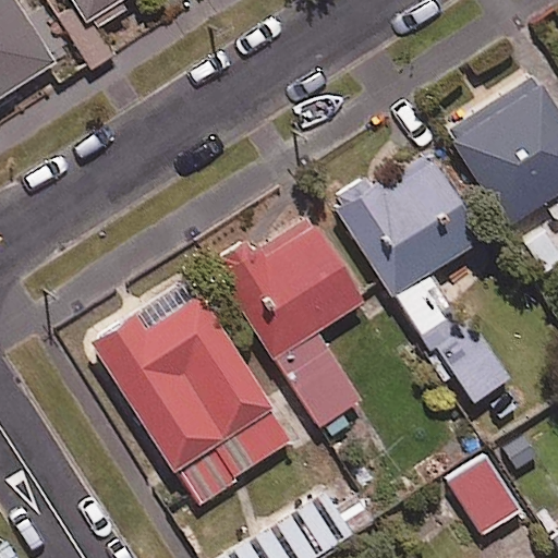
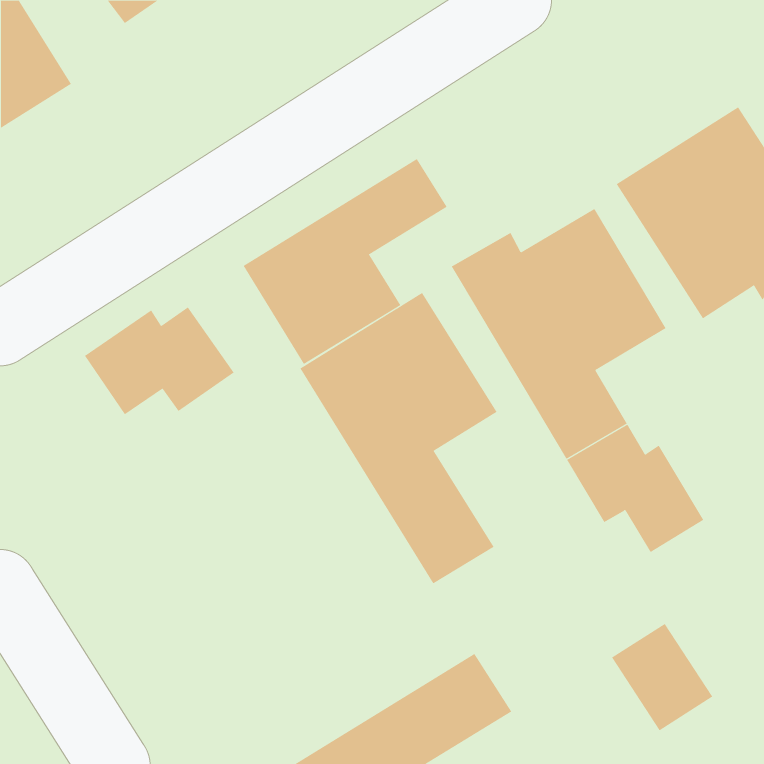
building: none -> [243,158,447,365]
building: none -> [84,307,234,415]
building: [84,293,294,507] -> none

